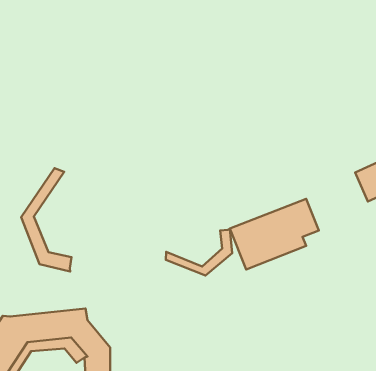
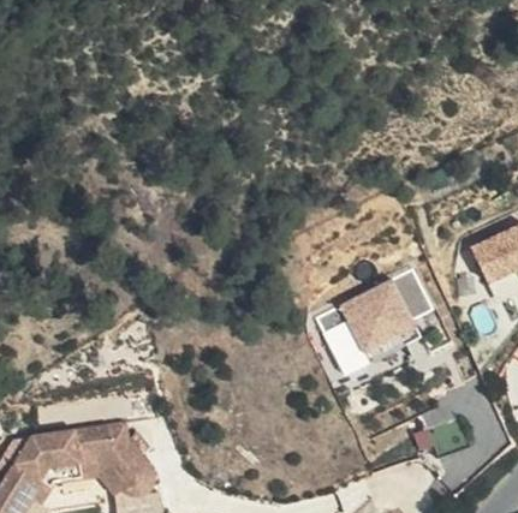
building: [21,168,72,271] -> none
building: [166,229,232,275] -> none

